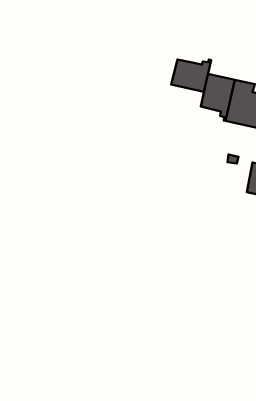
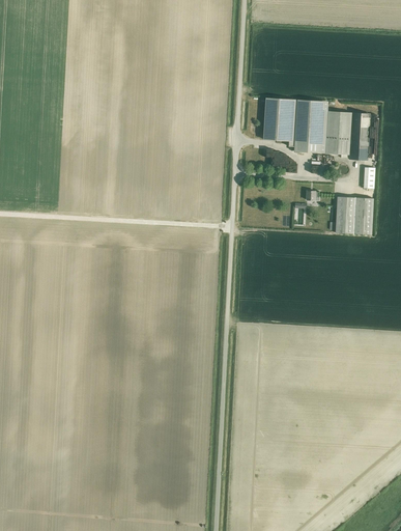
building: [171,59,211,92] -> none

